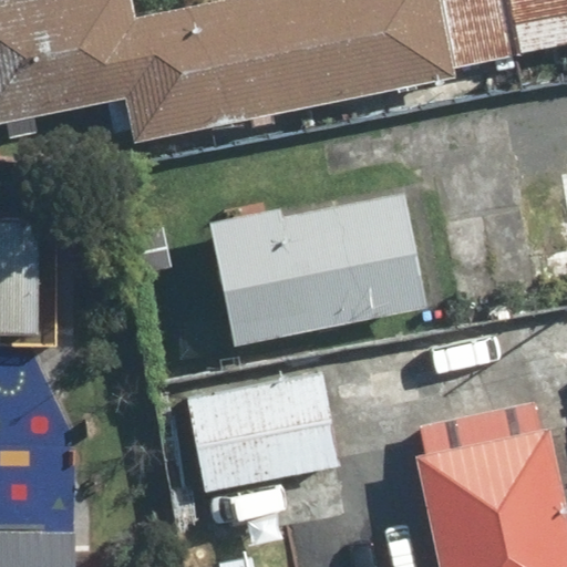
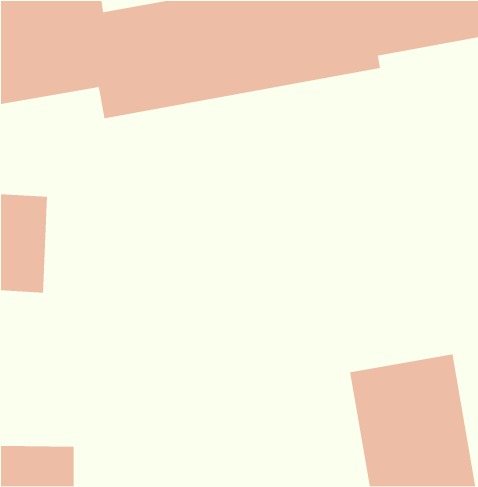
building: [205,195,422,344] -> none
building: [187,380,342,538] -> none

